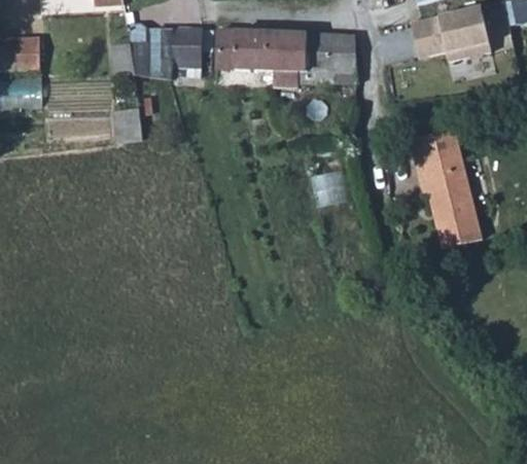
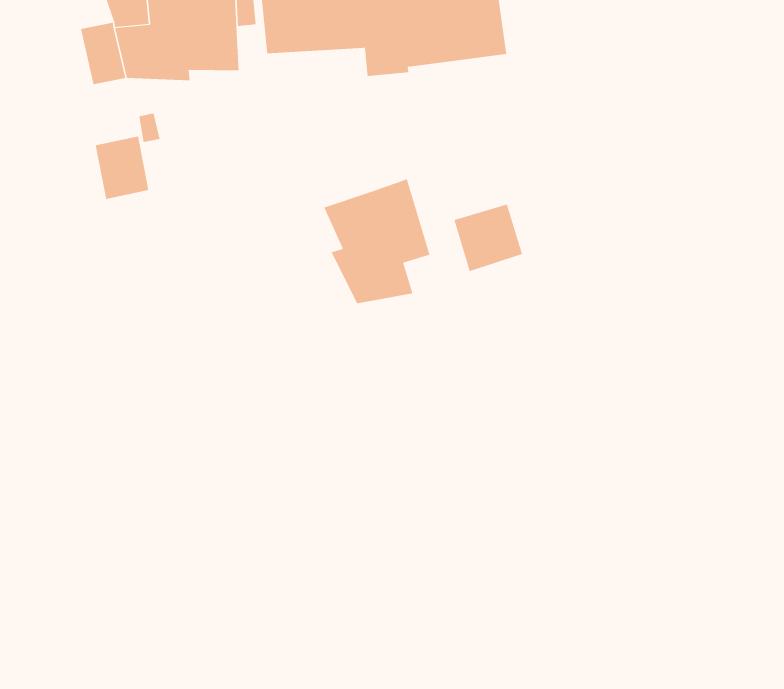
building: [411,129,483,248] -> none
building: none -> [324,179,430,304]

